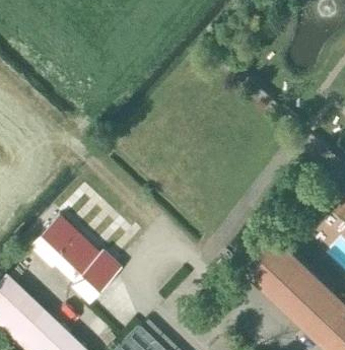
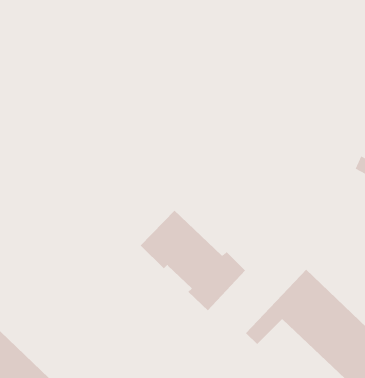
building: [36,216,126,302] -> [140,210,246,311]

